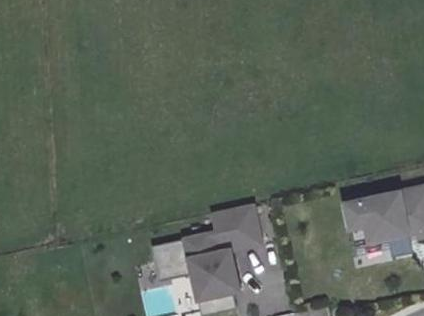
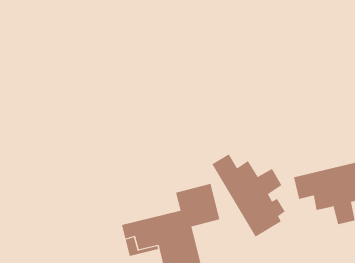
building: none -> [211,153,285,237]

